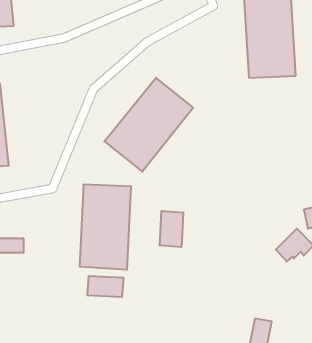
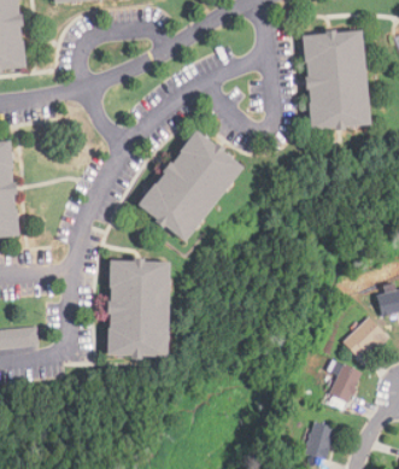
building: [160,211,183,247] -> none
building: none -> [330,360,362,400]
building: [87,276,123,297] -> none

